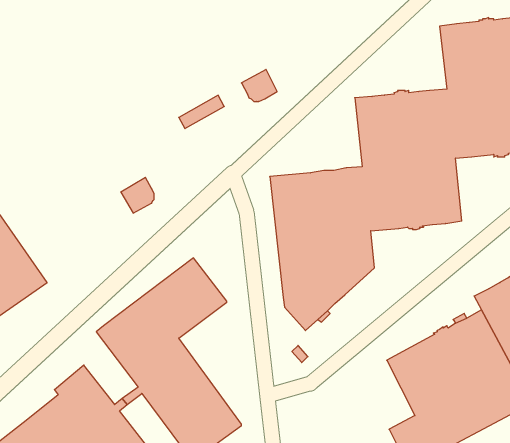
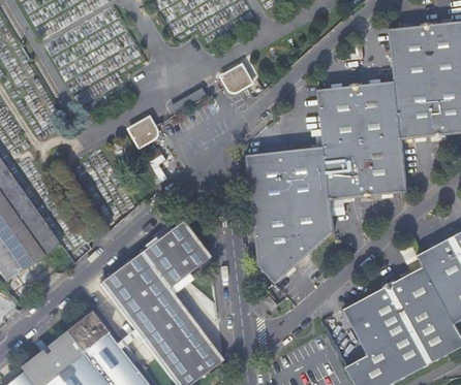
building: [121,177,154,213] -> [130,115,158,145]

